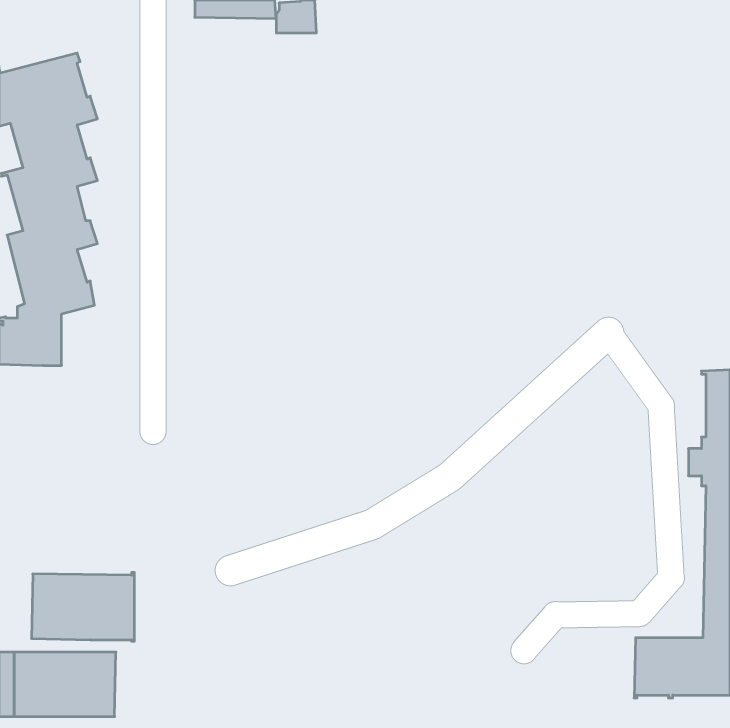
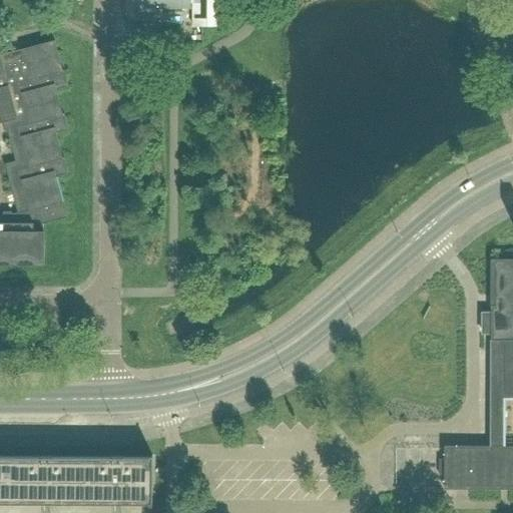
building: [31,572,134,641] -> [80,458,152,506]

